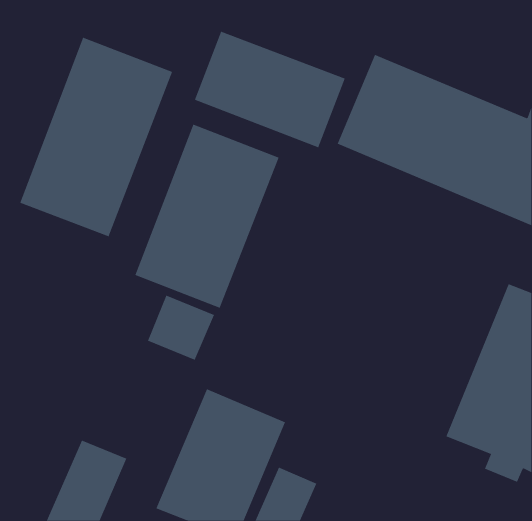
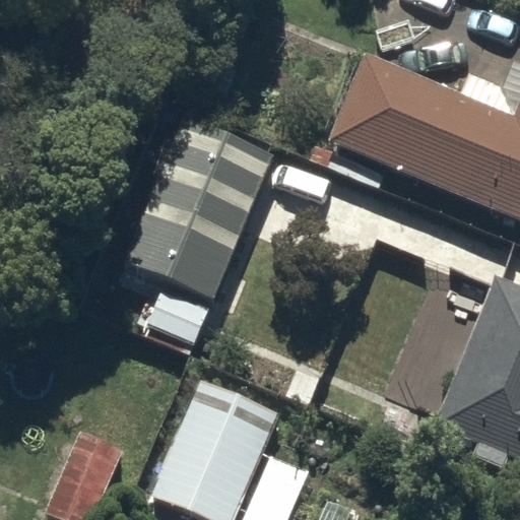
building: [194,31,346,148] -> none
building: [20,37,173,237] -> none

